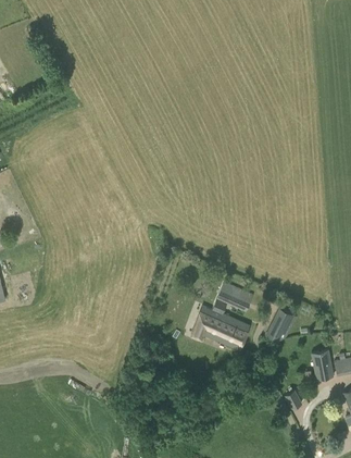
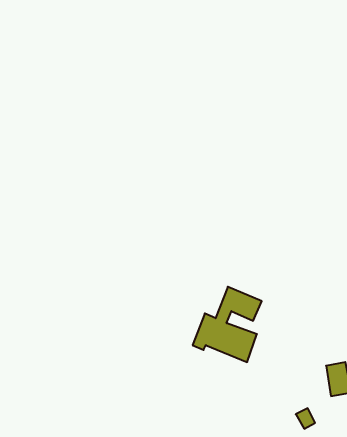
building: [264,308,297,343] -> none

